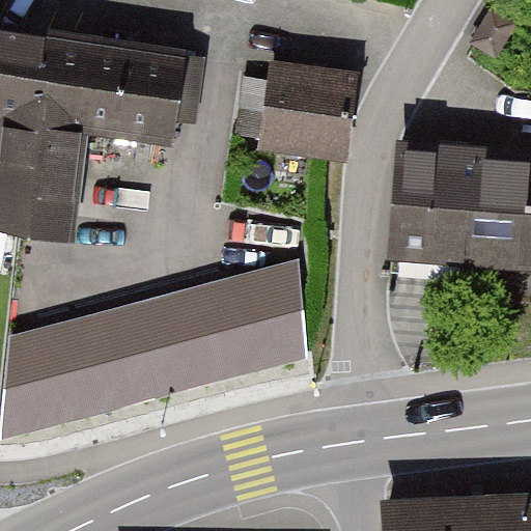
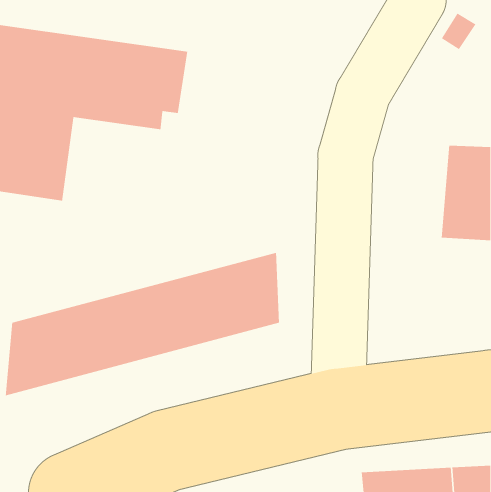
building: [261,69,356,152] -> none
building: [392,150,482,270] -> none

